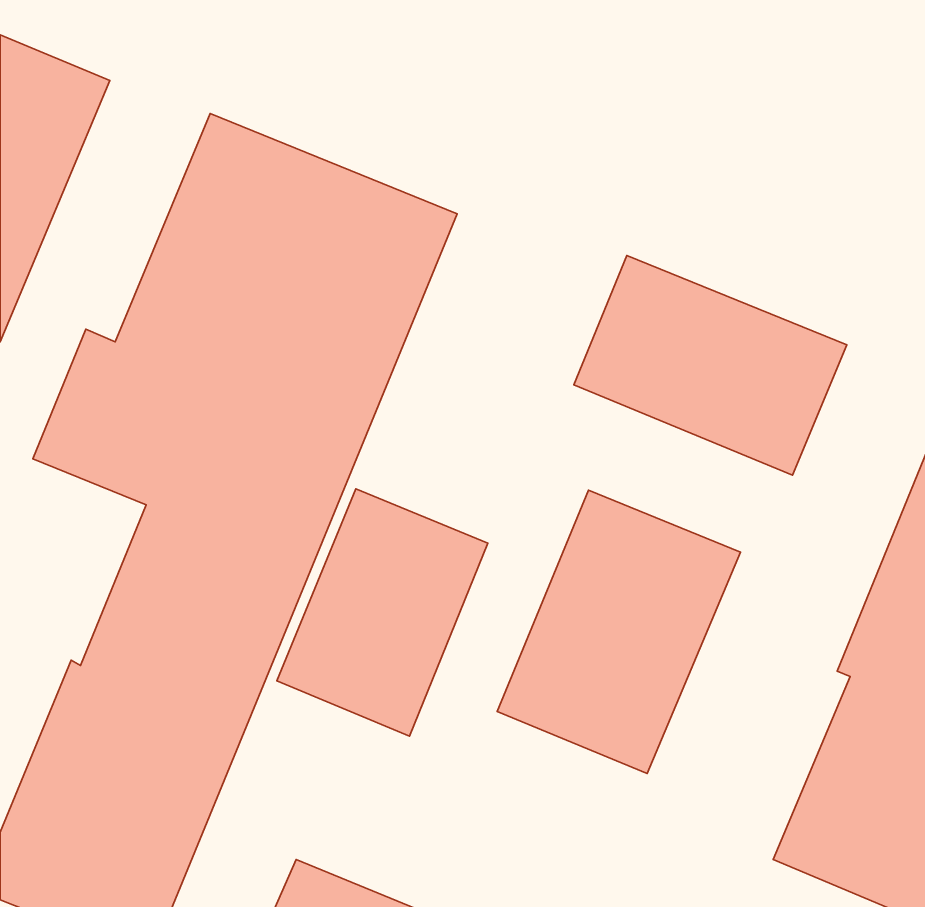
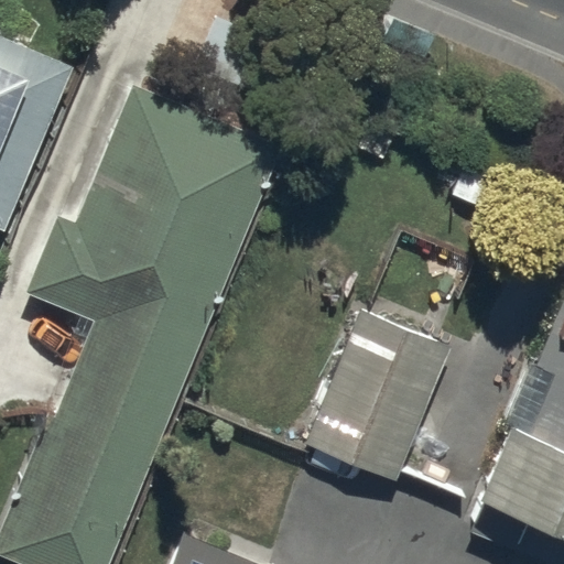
building: [574,256,847,475] -> none
building: [277,489,488,736] -> none

